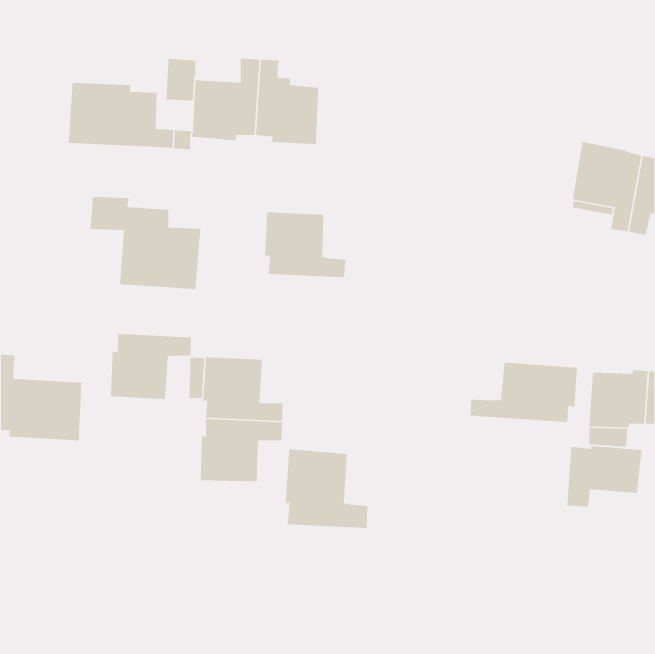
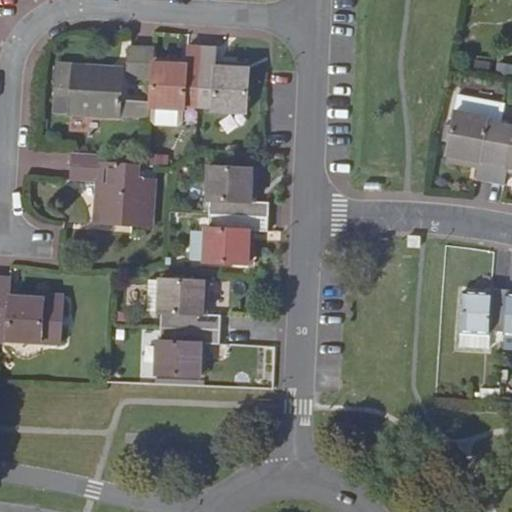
building: none -> [204,214,269,264]
building: [110,333,192,400] -> none
building: [470,362,578,423] -> none
building: [566,445,642,508] -> none
building: [285,449,368,529] -> none

